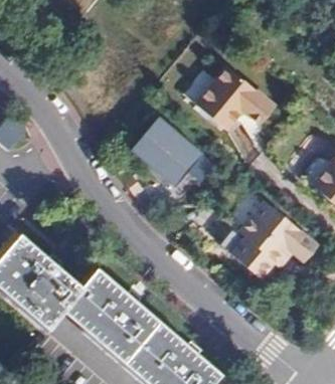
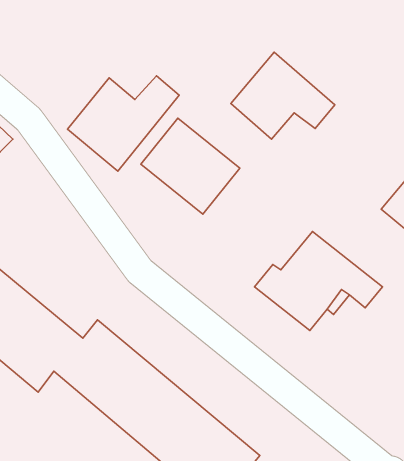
building: none -> [68,76,179,171]

